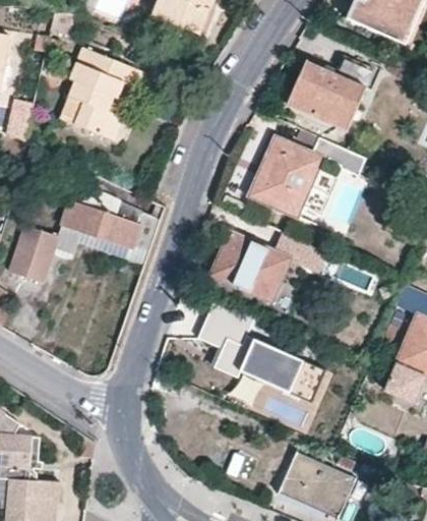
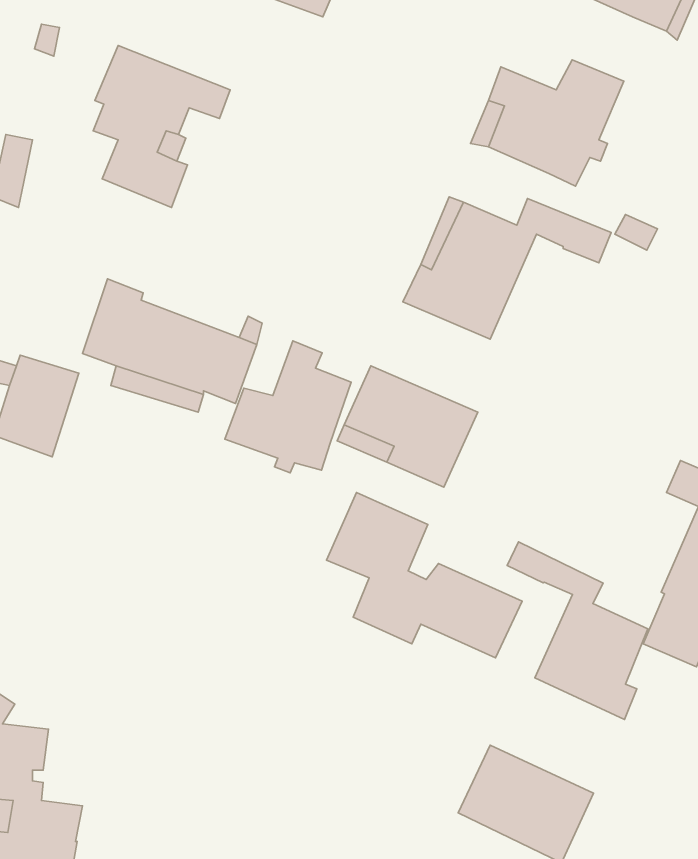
building: none -> [225,341,351,473]
building: none -> [507,542,648,719]

